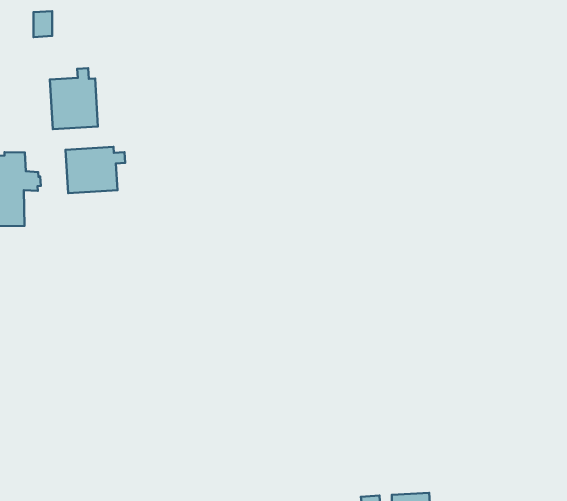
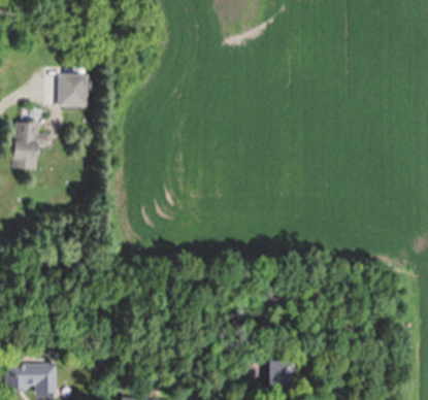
building: [65,147,125,193] -> none

